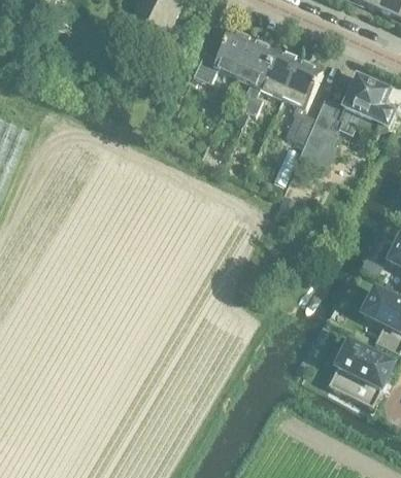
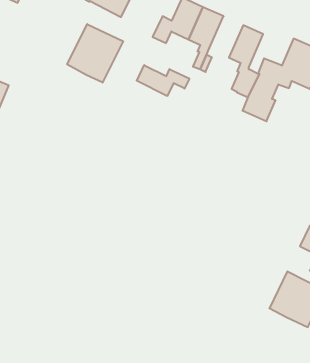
building: [259,48,298,96] -> none
building: none -> [67,24,123,83]
building: none -> [137,65,189,96]

